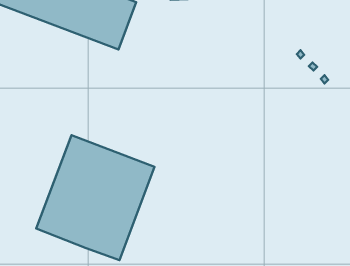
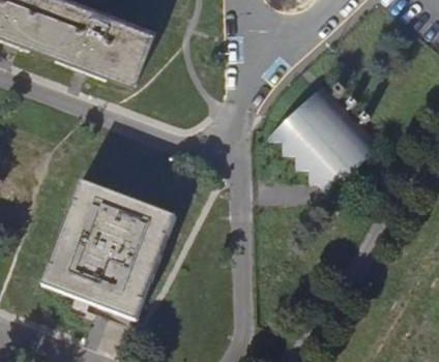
building: none -> [267,86,380,199]

